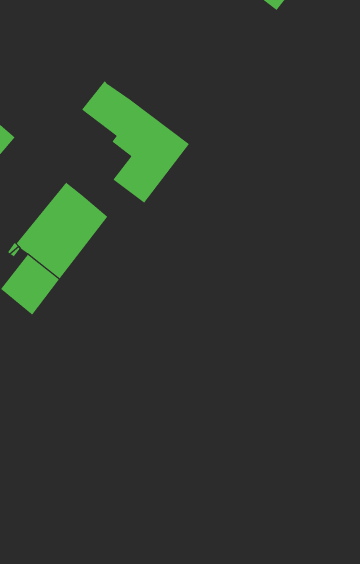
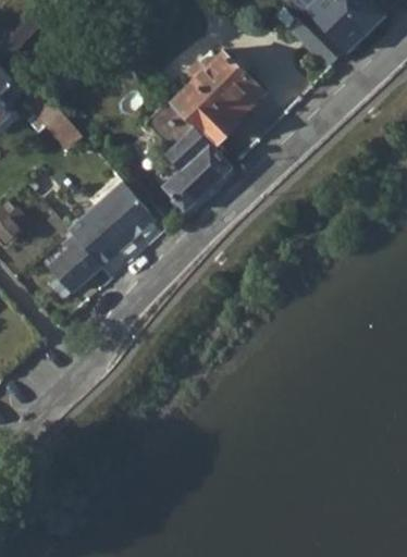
building: none -> [170,50,266,143]

